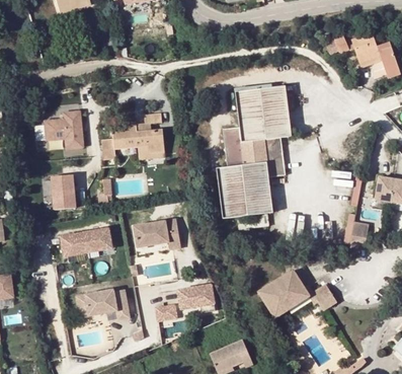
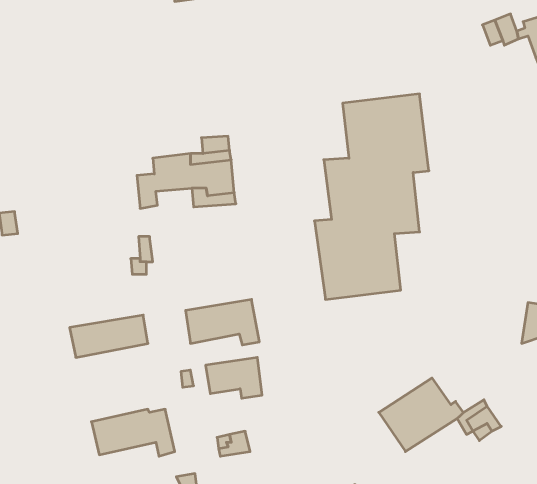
building: [43,111,81,149] -> none
building: [51,174,75,209] -> none
building: [176,285,213,311] -> [206,357,262,398]

